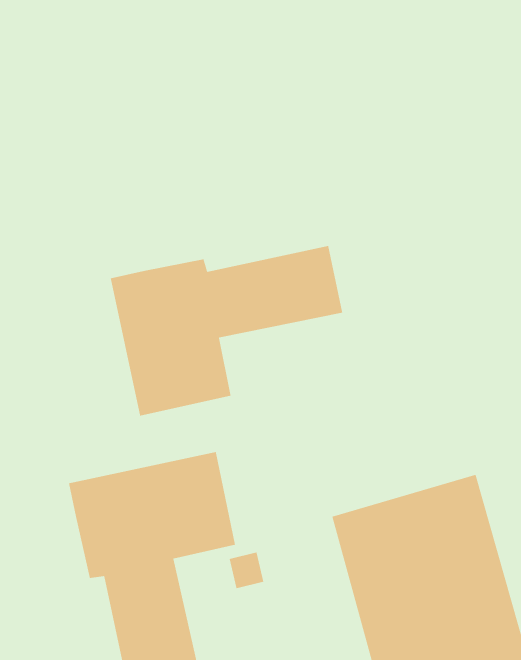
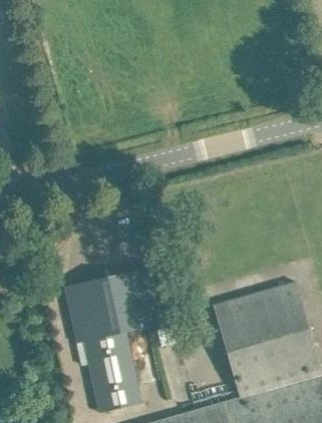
building: [110,245,343,416] -> none

